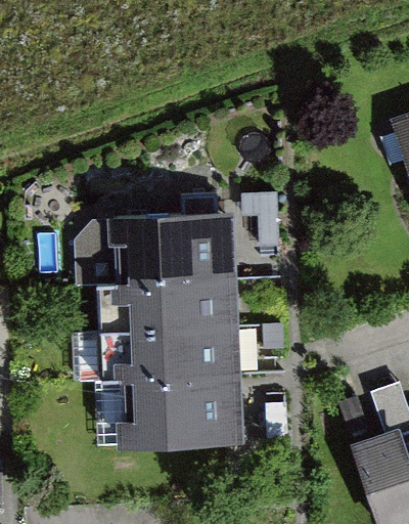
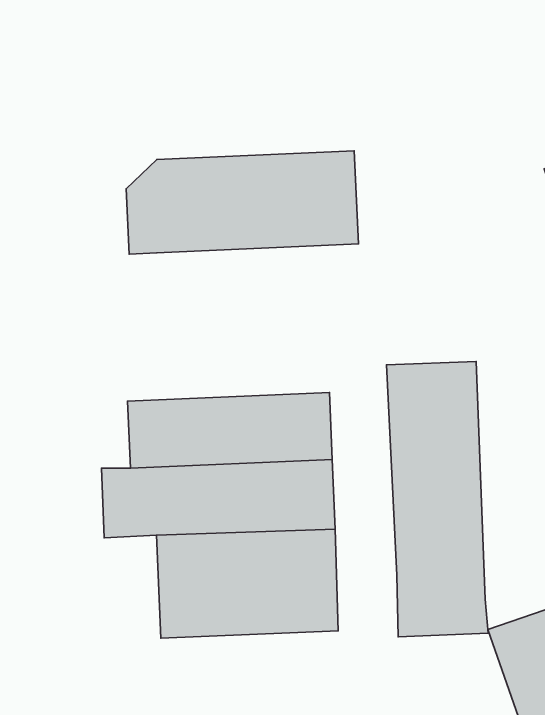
building: [77,213,240,286] -> [126,151,359,254]
building: none -> [386,361,488,637]

